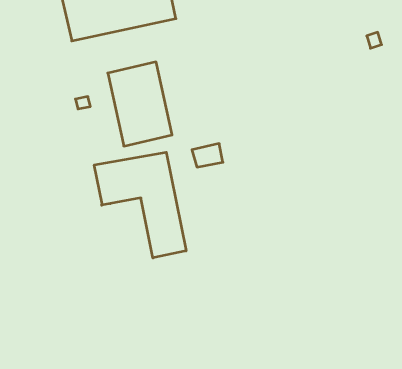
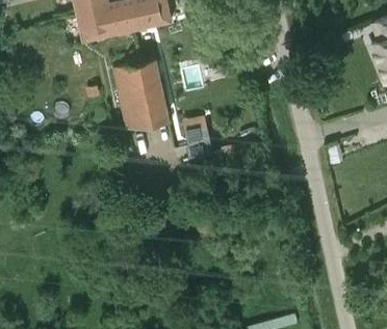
building: [94,152,186,258] -> none

